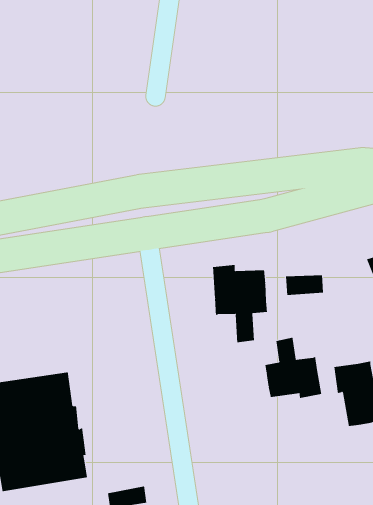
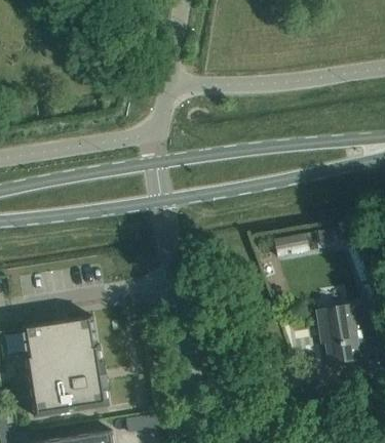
building: [212,264,267,343] -> none
building: [265,337,322,399] -> none

